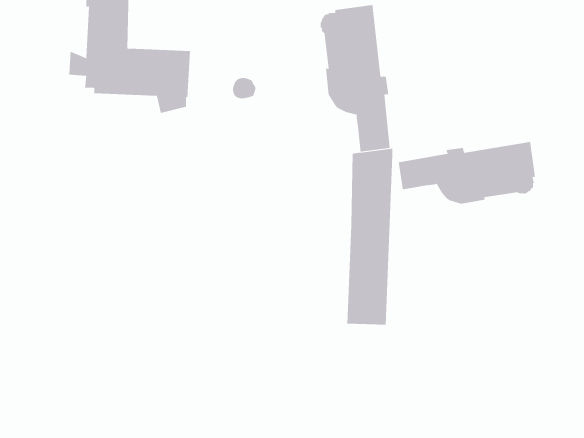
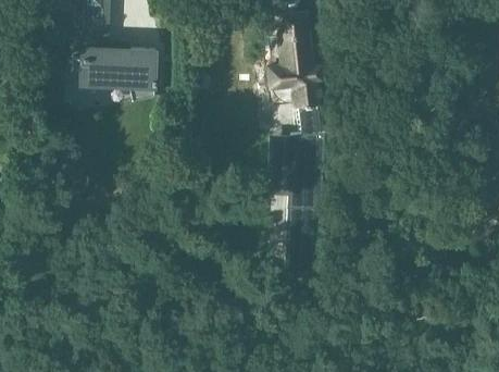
building: [398,141,535,204] -> none

